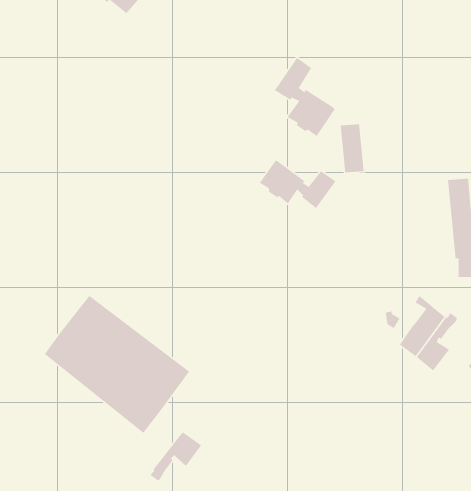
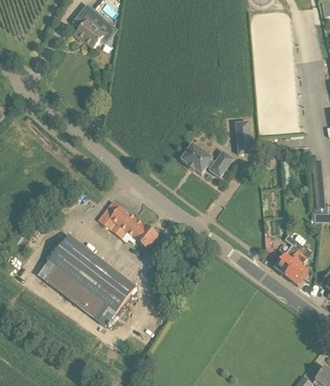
building: [274,57,336,137] -> none
building: none -> [97,199,156,247]
building: [150,431,202,481] -> none

